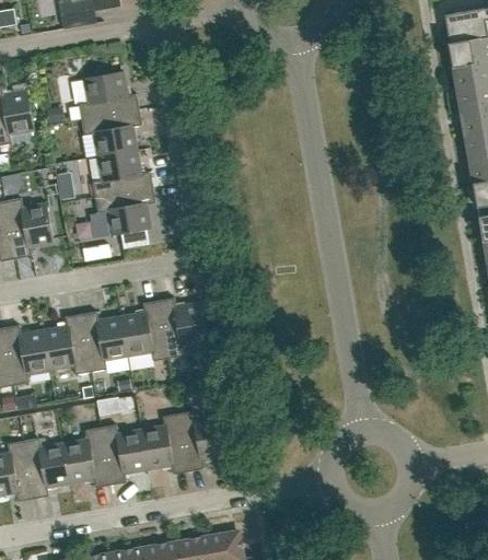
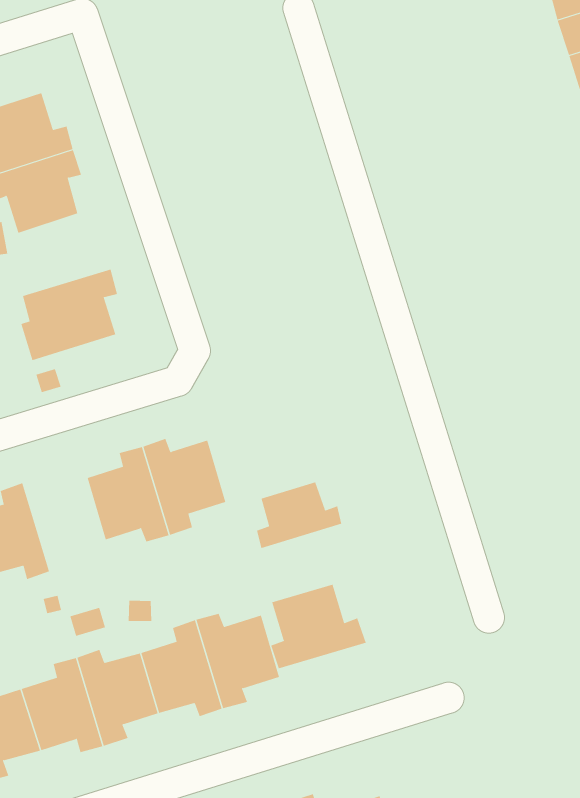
building: [92,149,153,196] -> none
building: [81,311,128,371] -> none
building: none -> [257,482,342,549]
building: none -> [270,584,366,669]

